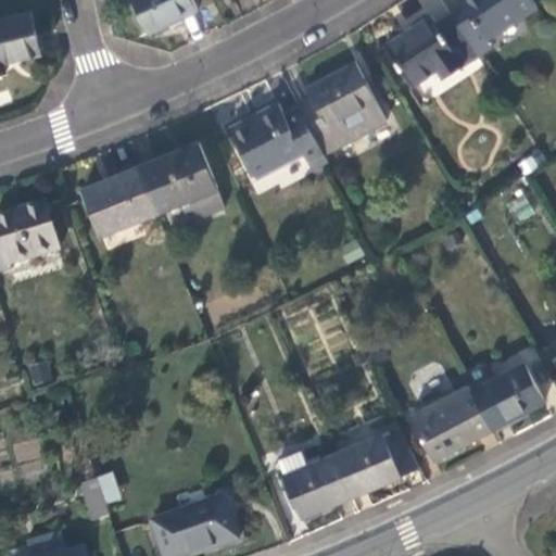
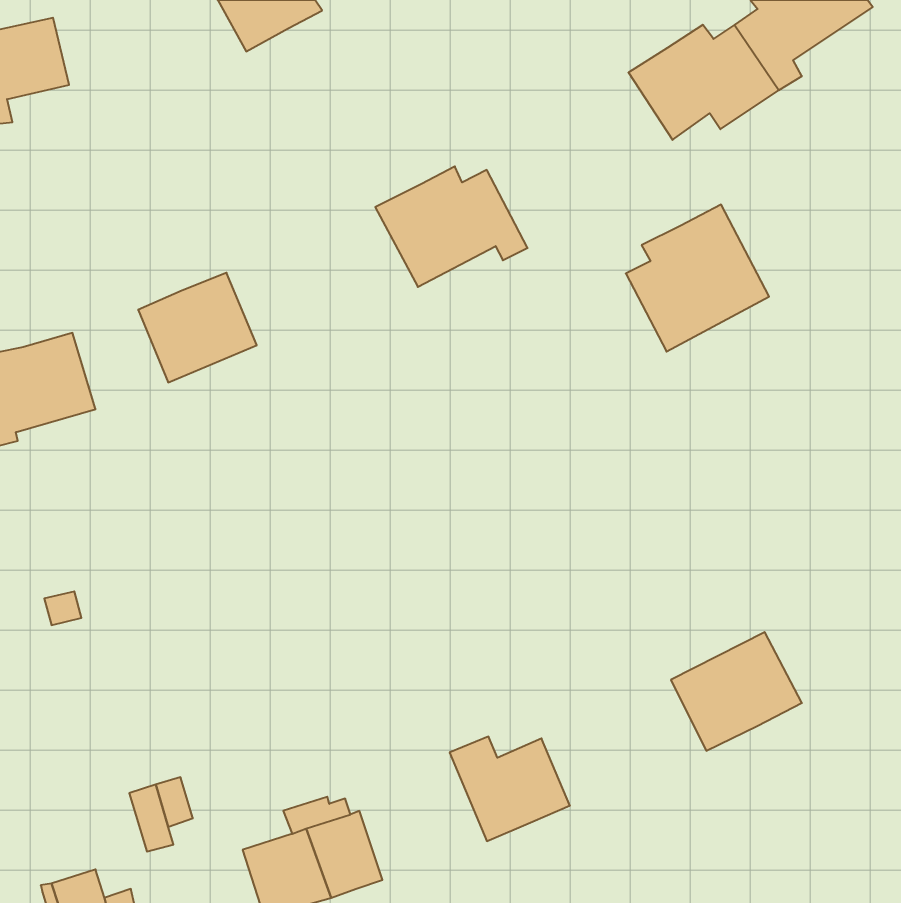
building: [299,63,387,153] -> [626,205,769,352]
building: [139,142,222,220] -> none
building: [463,366,544,432] -> none
building: [332,429,419,495] -> none

